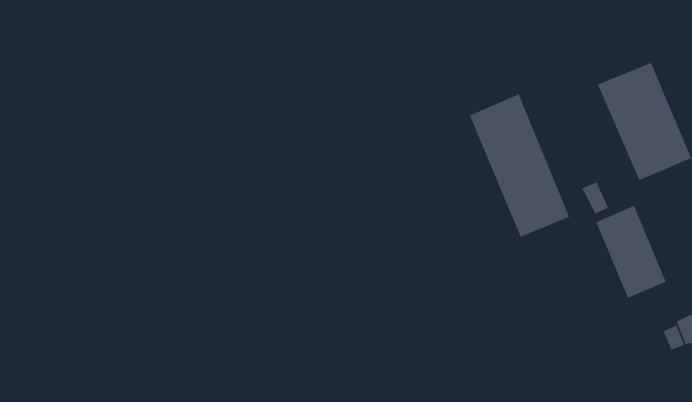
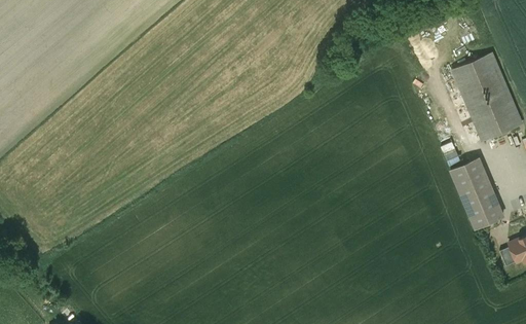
building: [469,93,570,238] -> none

